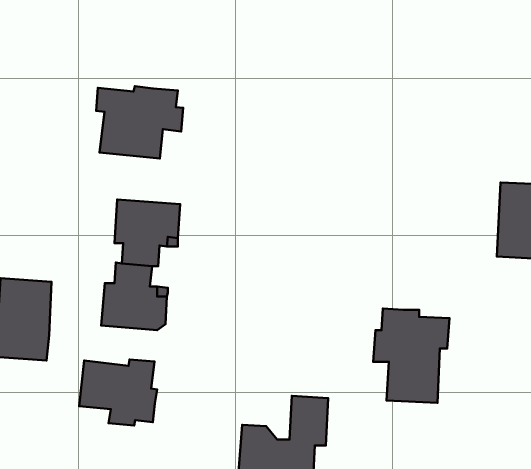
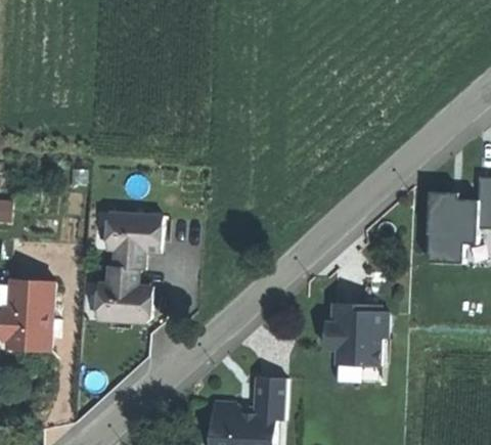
building: [96,86,183,158] -> none
building: [79,359,157,426] -> none

